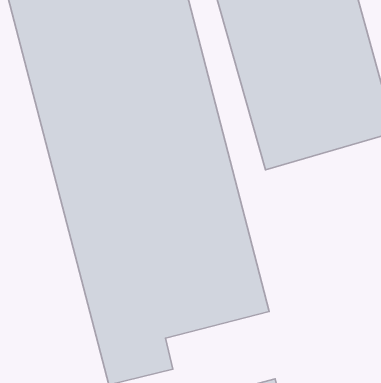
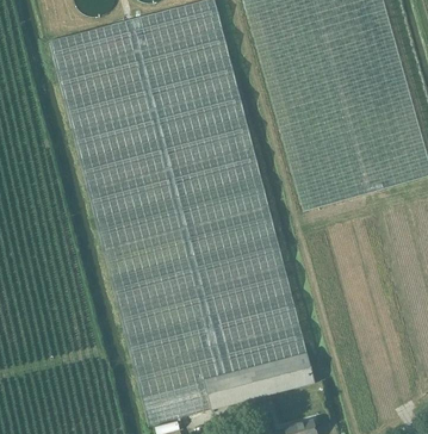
building: none -> [204,352,315,409]

